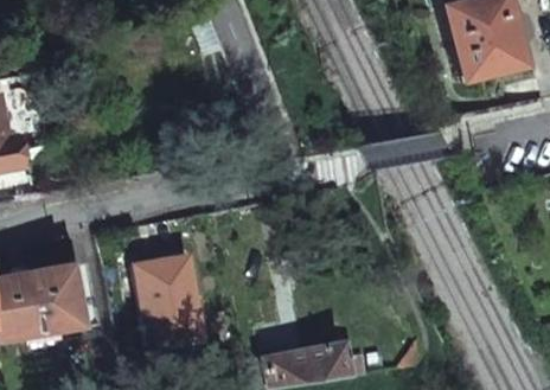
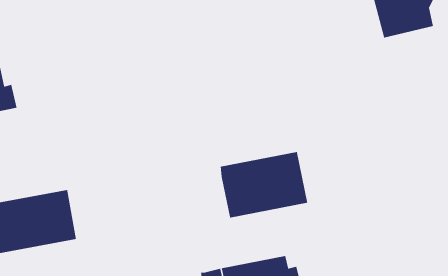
building: none -> [220,151,308,219]
building: [140,254,207,344] -> none

